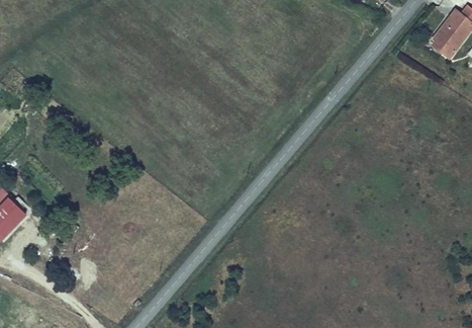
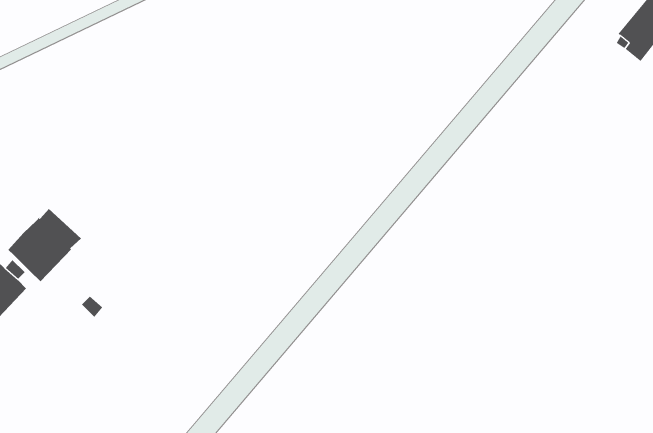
building: none -> [7,208,82,282]

